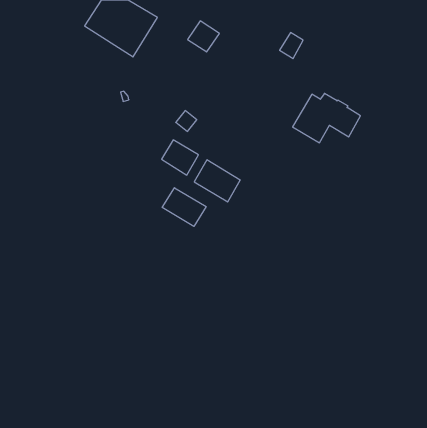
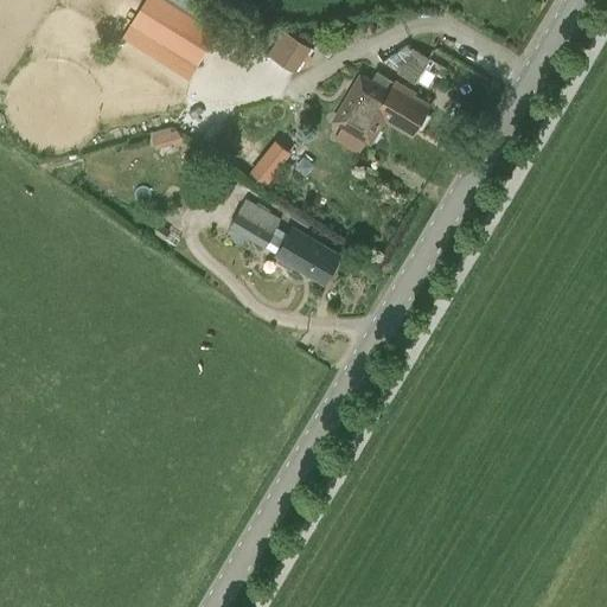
building: [293,93,360,143] -> [332,74,428,143]
building: [162,188,206,226] -> none

